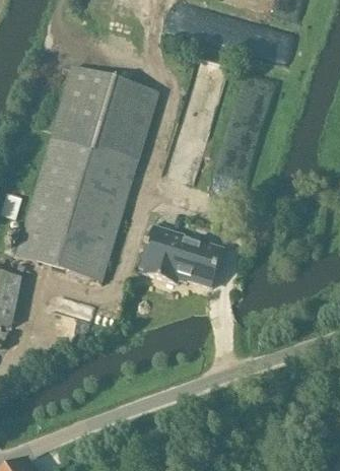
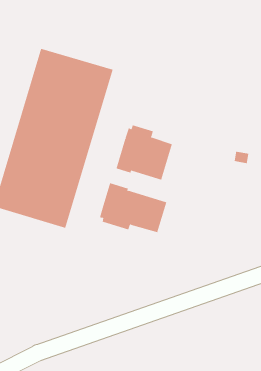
building: none -> [116,125,173,180]

